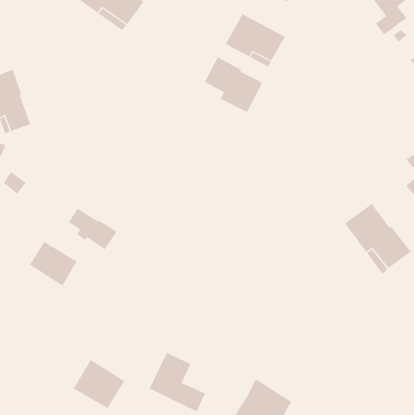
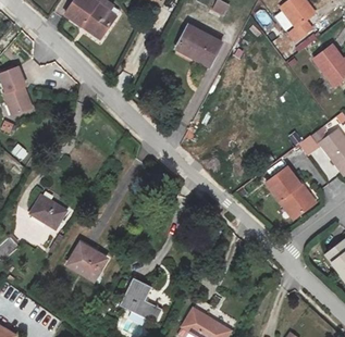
building: [204,56,263,113] -> none
building: [68,208,118,250] -> none
building: [73,359,125,409] -> [66,242,106,279]

